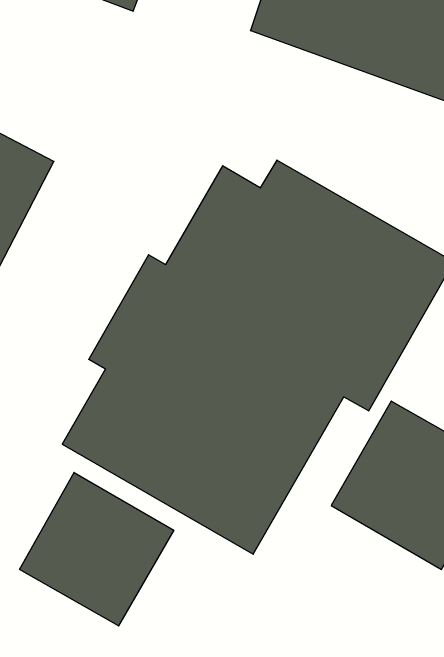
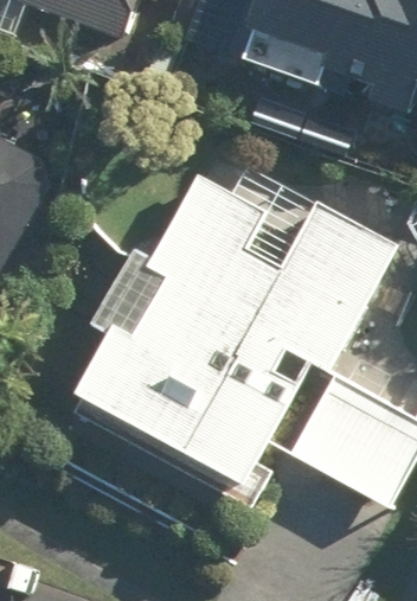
building: [20,472,174,626] -> none

